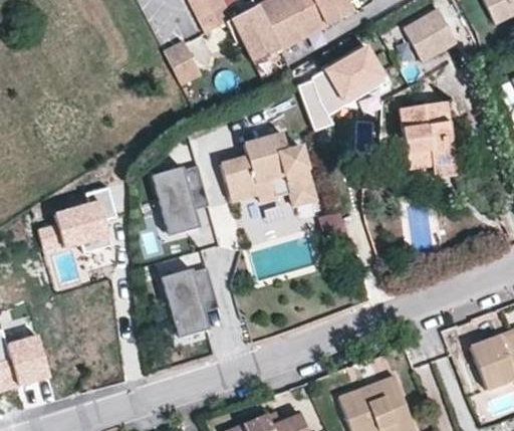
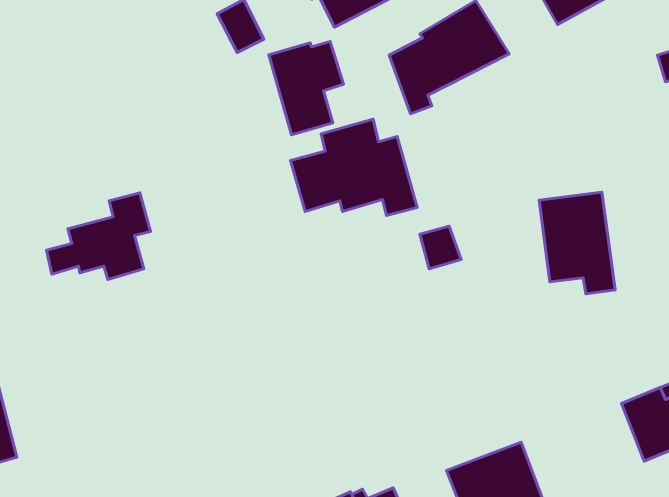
building: [400,101,457,178] -> [539,192,615,294]
building: [152,166,208,236] -> [269,41,343,135]
building: [162,268,218,339] -> none
building: [10,335,51,384] -> none

